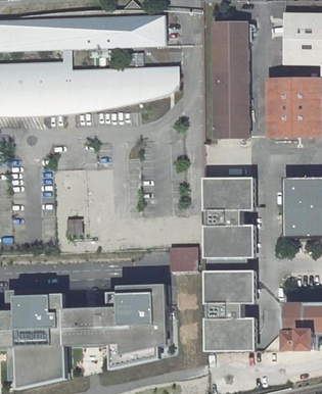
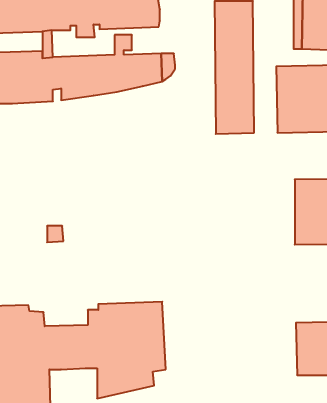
building: [203,179,255,351] -> none
building: [169,248,195,272] -> none

